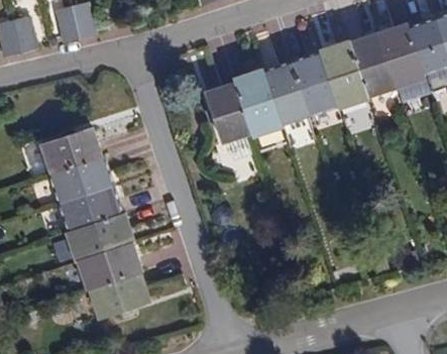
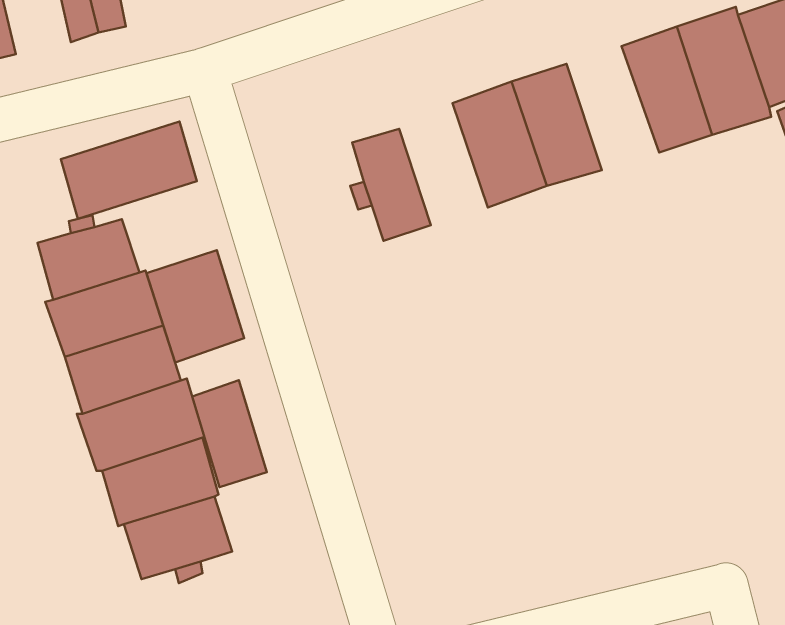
building: [318,39,365,108] -> none
building: [230,70,278,138] -> none
building: none -> [61,121,197,219]
building: none -> [147,250,244,363]
building: none -> [192,380,267,487]

